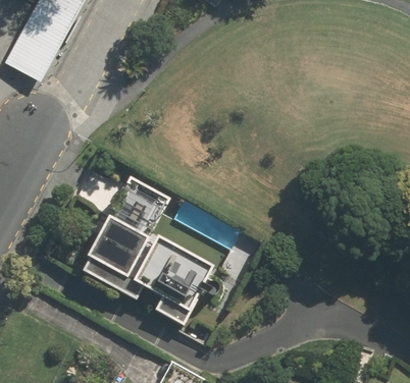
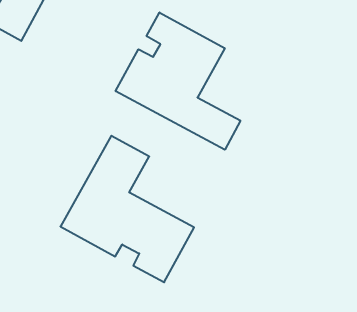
building: none -> [116,12,240,150]

